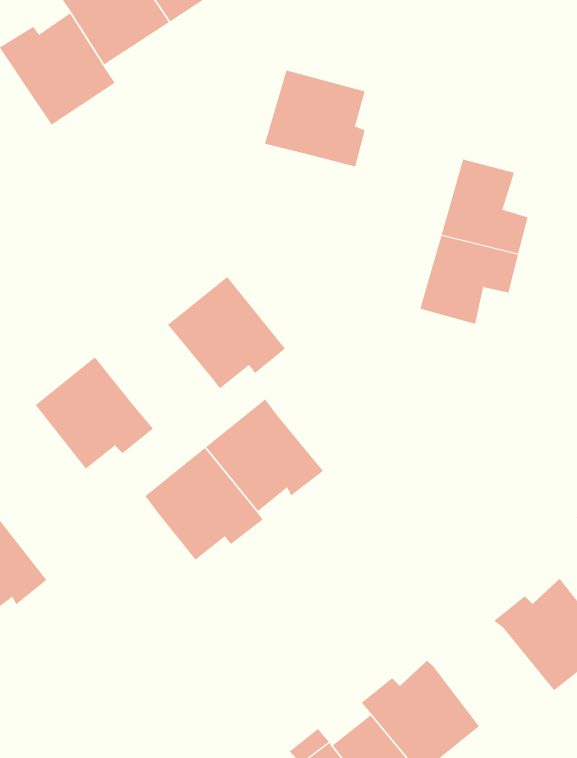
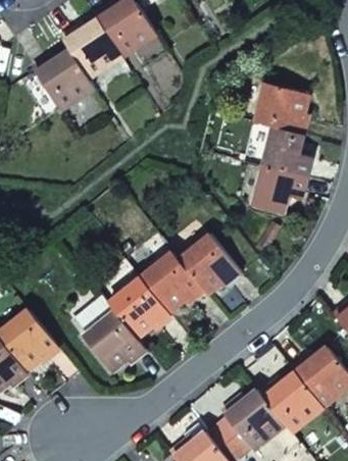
building: [264,70,366,167] -> [255,83,308,134]
building: [167,276,286,389] -> [179,235,241,294]
building: [35,356,154,469] -> [84,311,146,370]
building: none -> [261,371,324,430]

